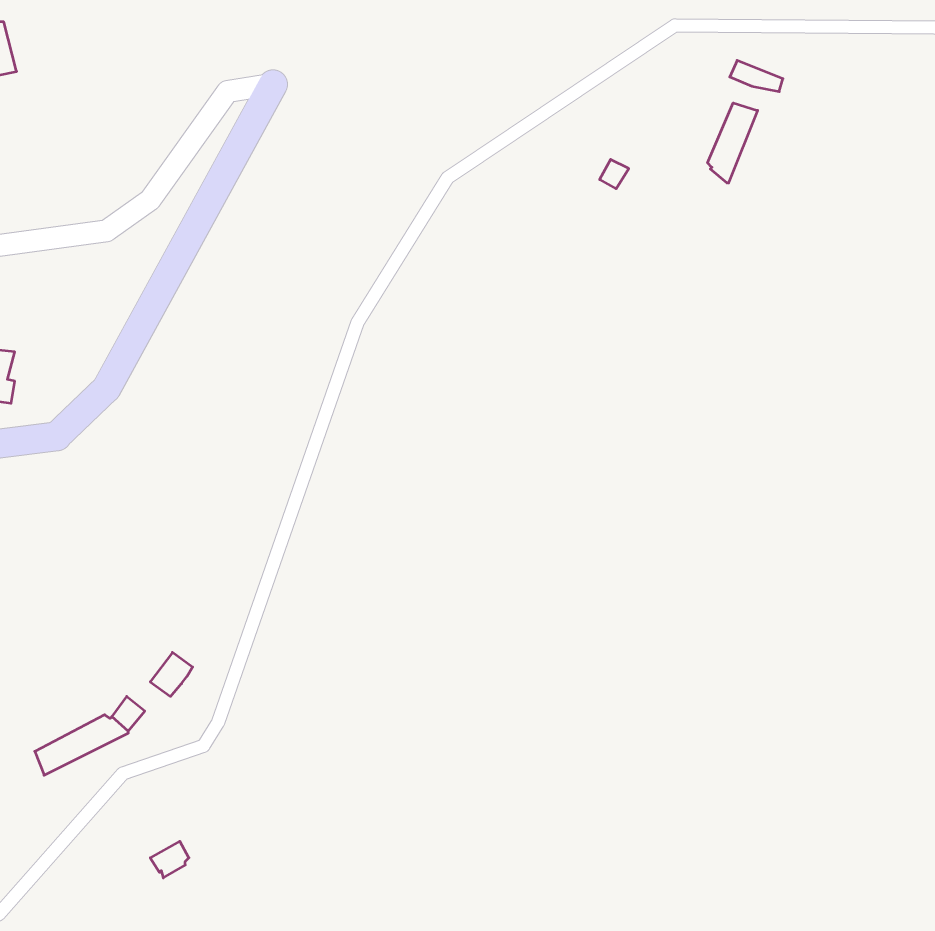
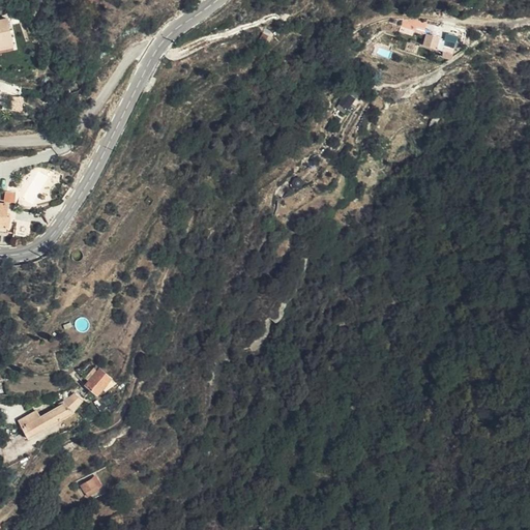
building: [708,103,758,183] -> none

